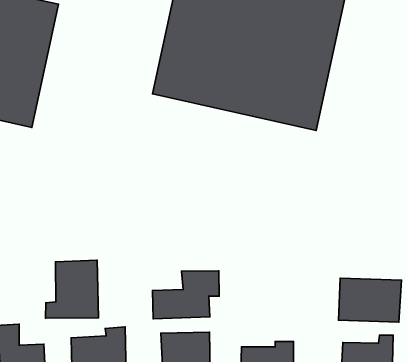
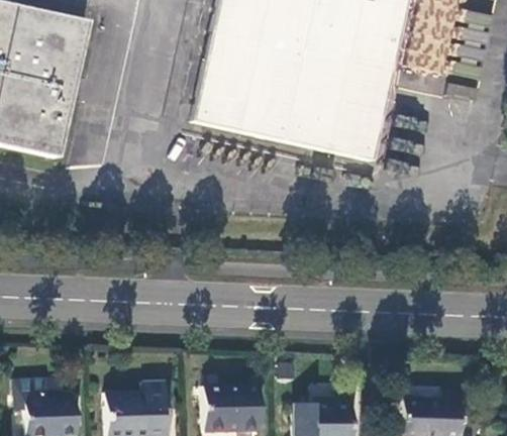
building: [45,260,98,318] -> none
building: [153,271,219,319] -> none
building: [338,278,402,322] -> none

